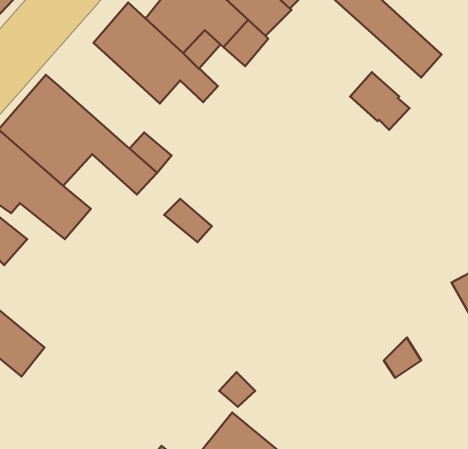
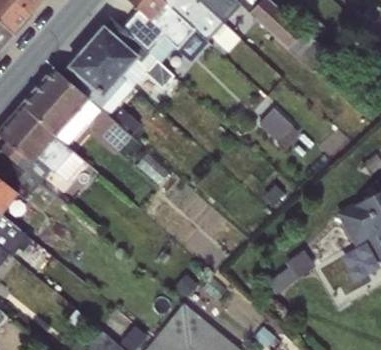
building: none -> [62,46,133,115]
building: [350,72,409,130] -> [259,109,300,149]

